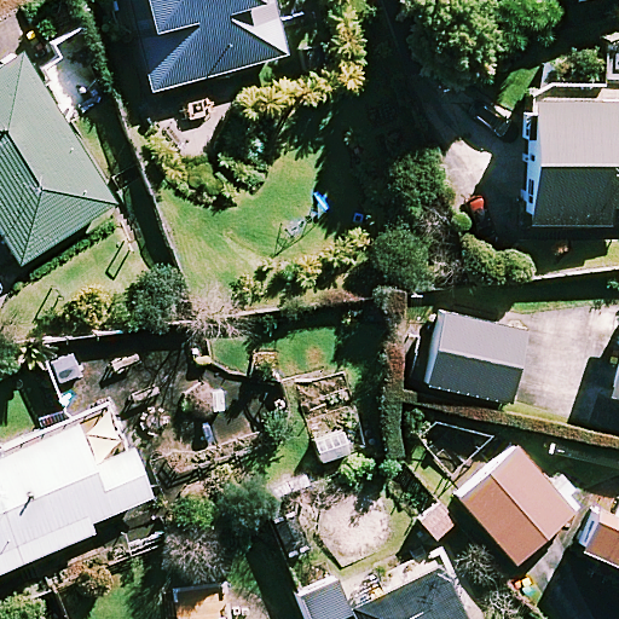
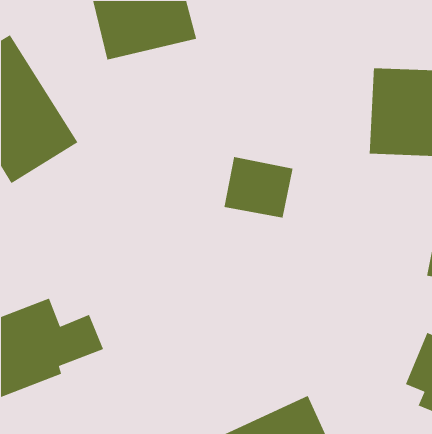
building: [428,313,527,401] -> [223,156,293,219]
building: [462,449,578,562] -> none

